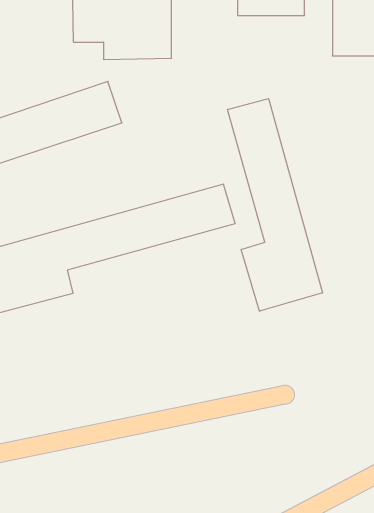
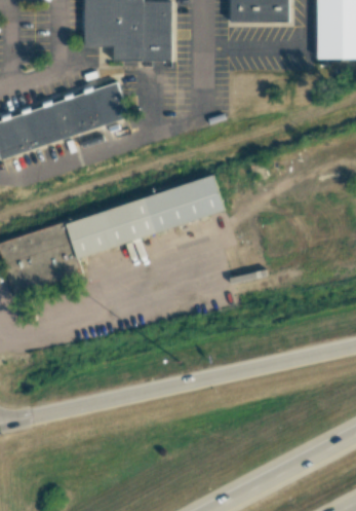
building: [228,99,323,311] -> none

